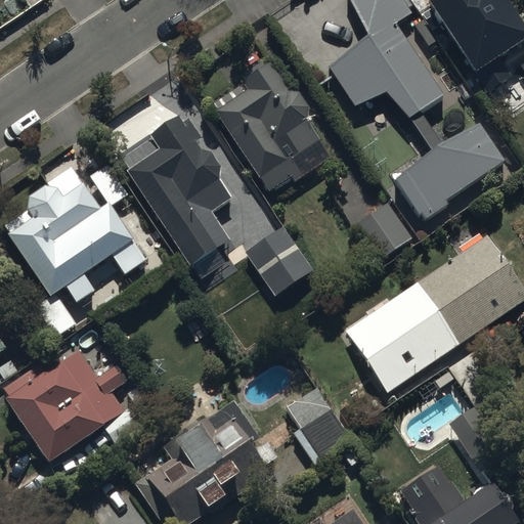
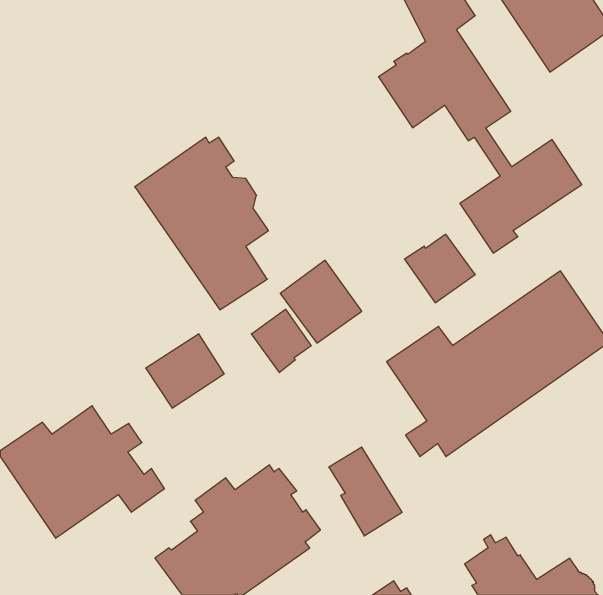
building: [211,61,332,190] -> none
building: [5,169,145,301] -> none
building: none -> [251,309,311,373]
building: none -> [146,334,224,408]

